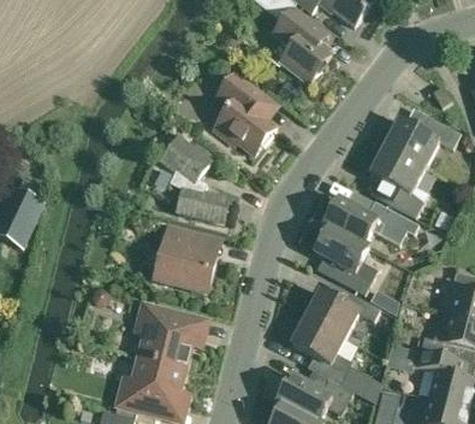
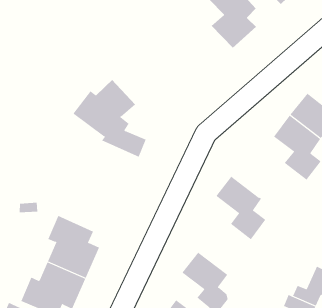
building: [212,71,275,153] -> none
building: [323,198,417,245] -> none
building: [156,225,214,290] -> none
building: [305,290,379,337] -> none

